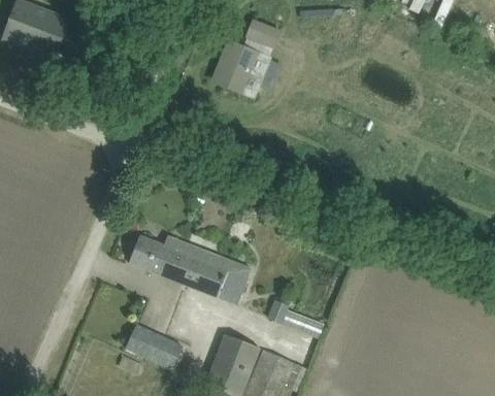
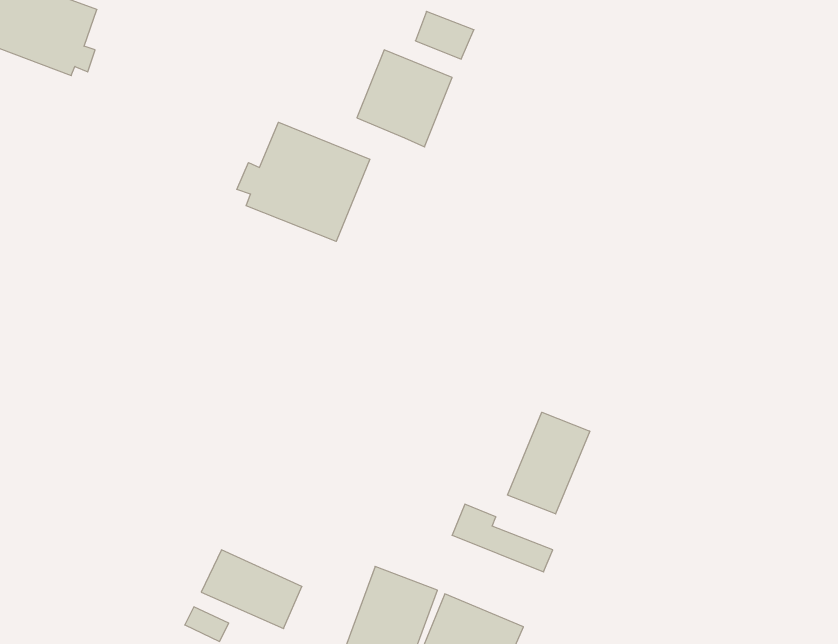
building: none -> [237,122,370,241]
building: [128,234,250,304] -> none
building: none -> [508,412,590,514]

